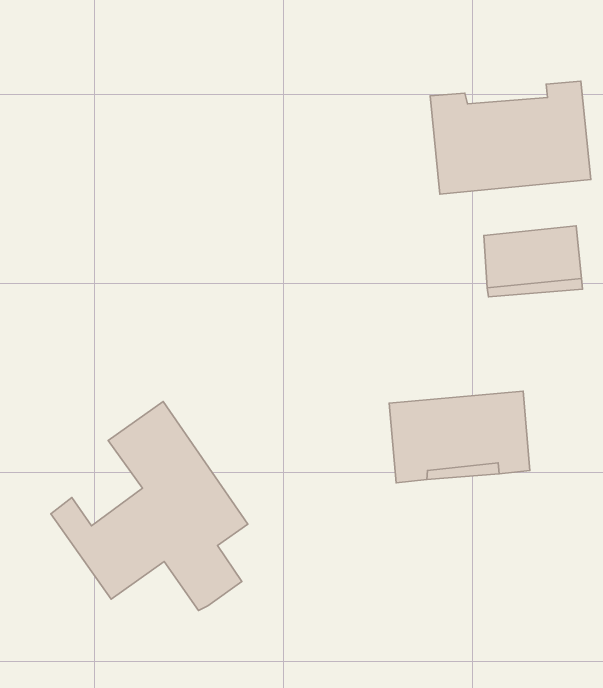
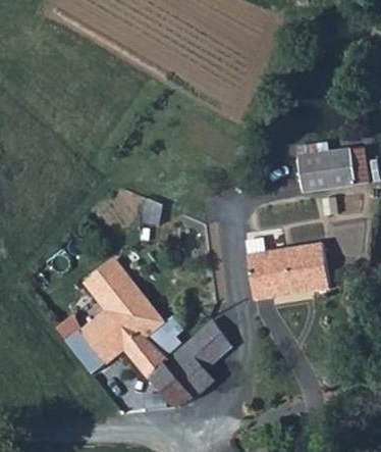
building: [430,81,591,194] -> none
building: none -> [153,317,233,408]

